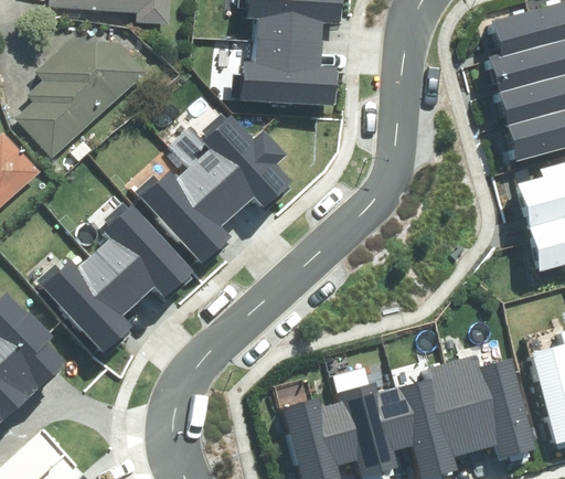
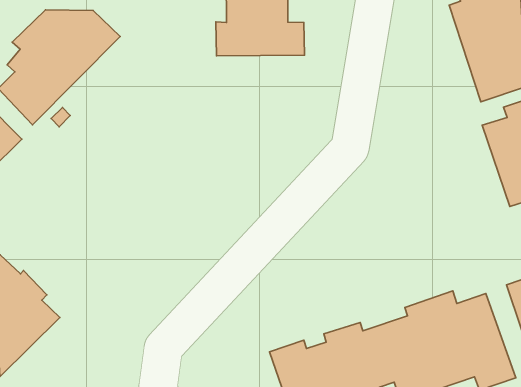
building: [137,113,292,262] -> none
building: [38,202,194,353] -> none

